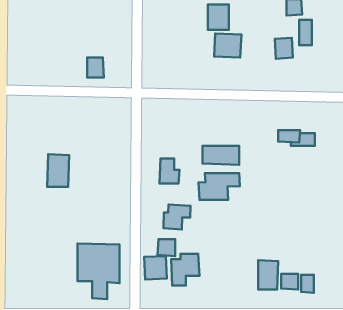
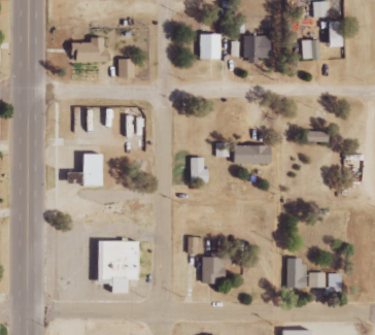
building: [208,5,229,30] -> [195,34,215,59]
building: none -> [68,37,100,62]
building: [199,173,240,200] -> none
building: [163,204,190,229] -> none
building: [144,256,167,279] -> none

